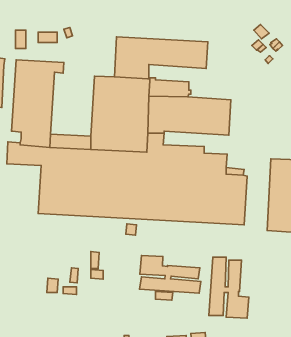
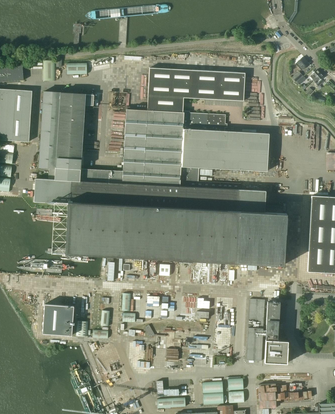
building: [140,256,201,293] -> none
building: none -> [42,304,74,335]

